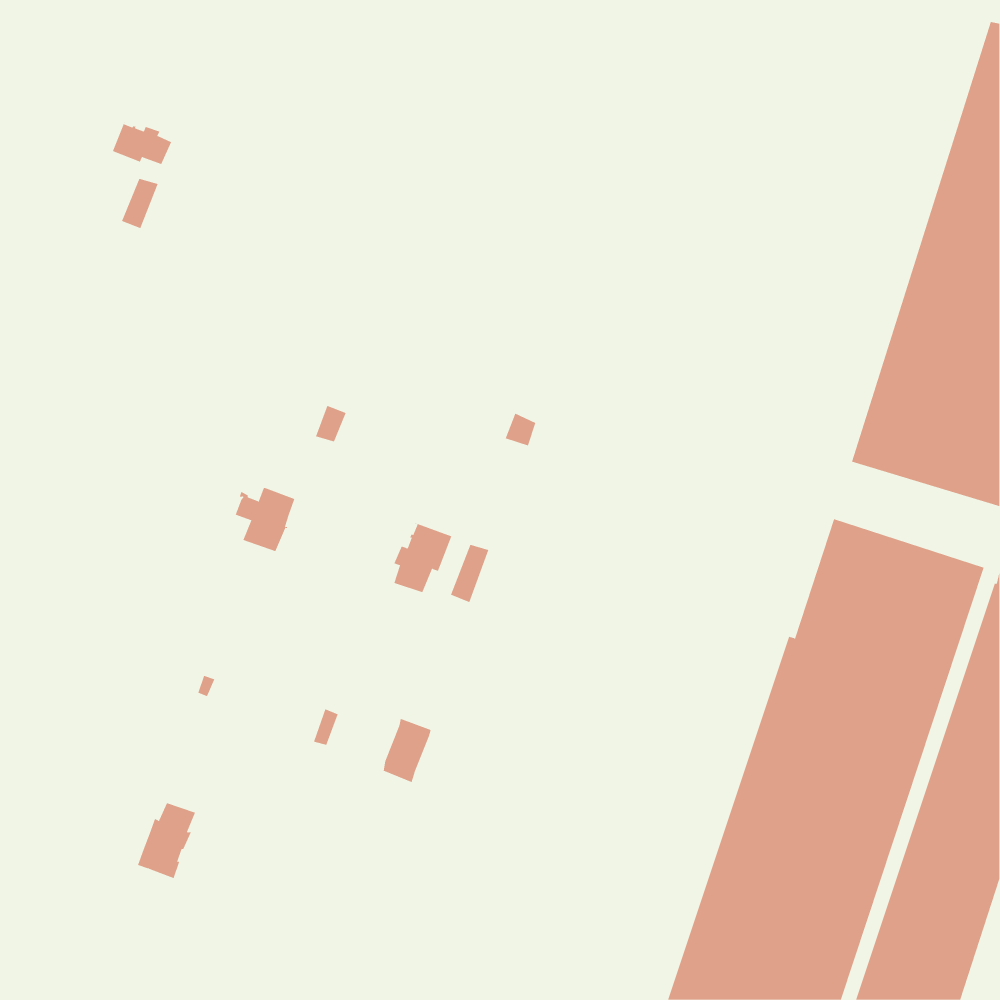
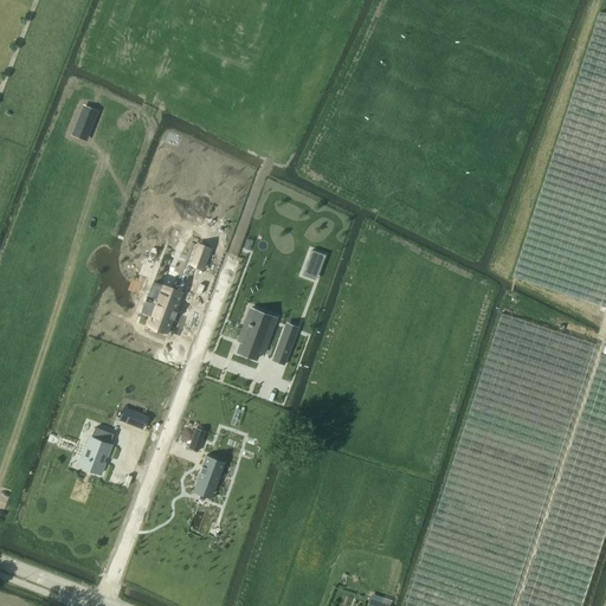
building: [112,121,172,165] -> none
building: [383,718,432,783] -> [195,454,225,494]
building: [137,803,196,879] -> [78,427,114,473]

